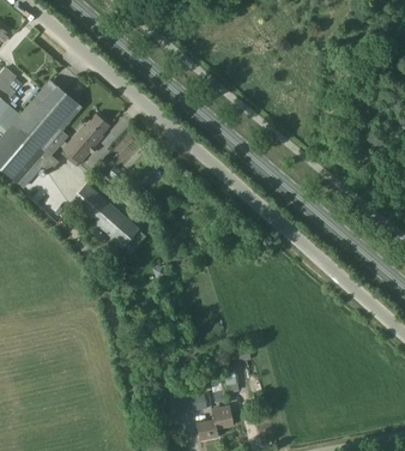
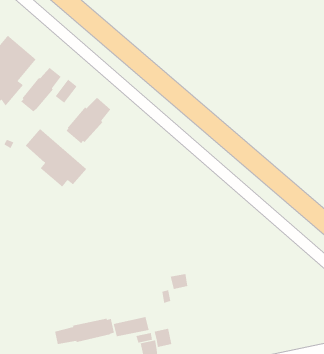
building: none -> [66,97,111,144]
building: none -> [55,318,114,345]

